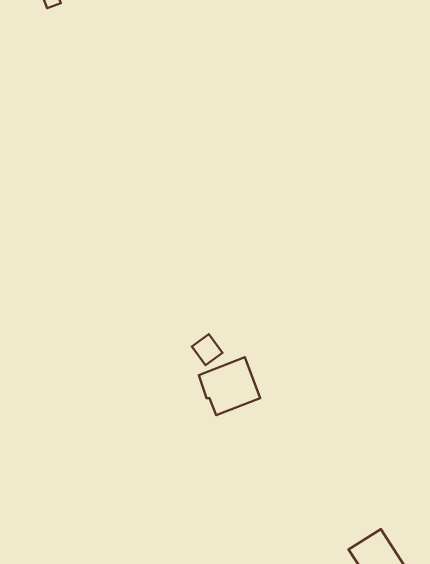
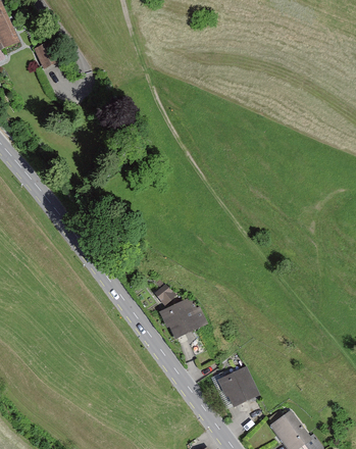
building: none -> [217,365,259,406]

